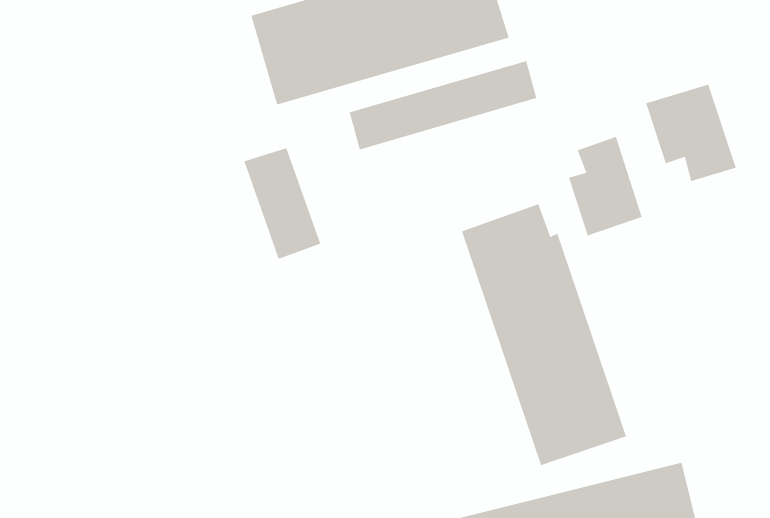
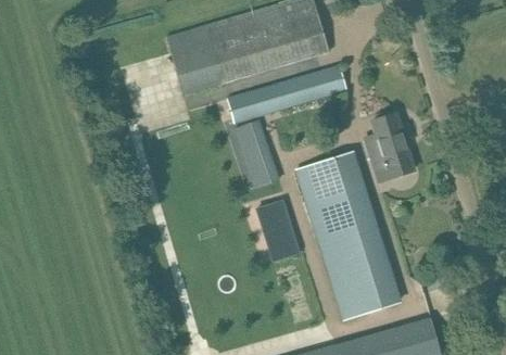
building: [646,84,736,182] -> none
building: [244,147,321,259] -> [233,117,282,188]
building: none -> [256,201,298,259]

